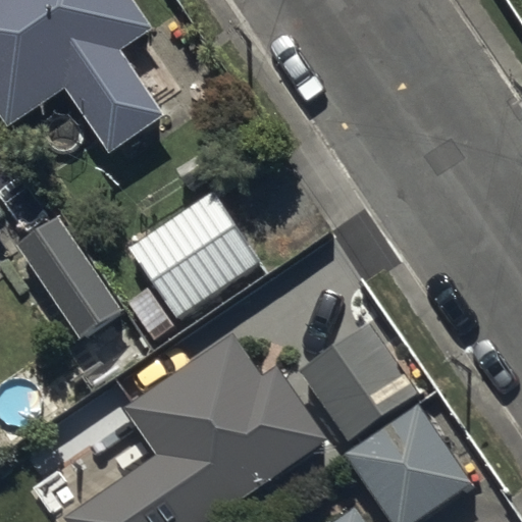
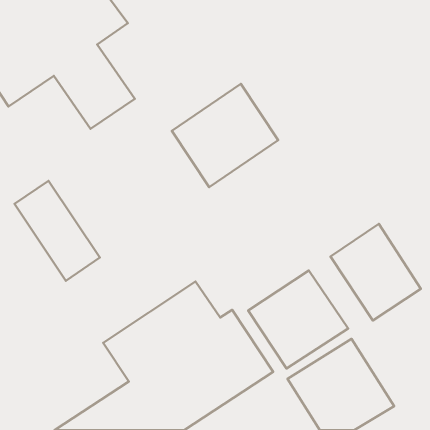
building: [128,192,256,315] -> [172,84,278,187]
building: none -> [331,224,421,320]

